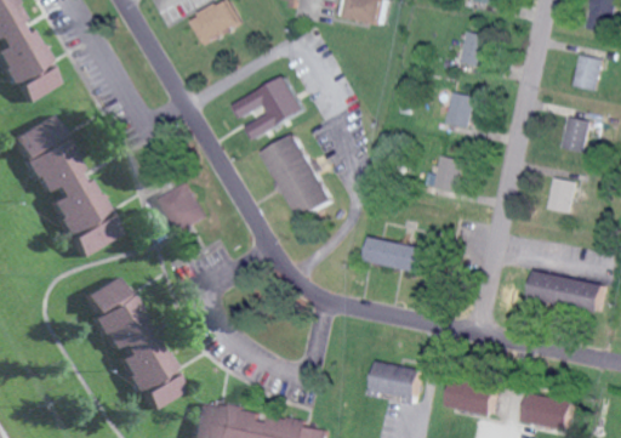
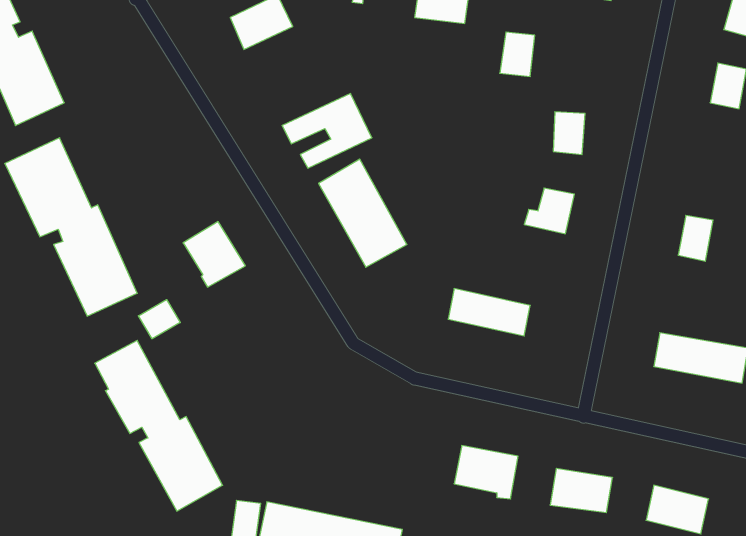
building: [460,32,488,67] -> [500,32,535,76]
building: [562,115,589,150] -> none
building: none -> [138,300,180,339]

